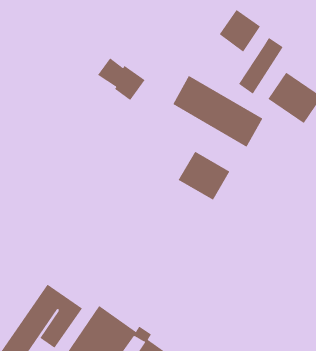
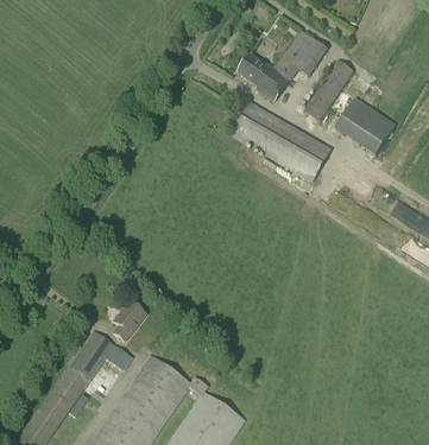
building: [97,58,146,101] -> [236,52,290,100]
building: [178,151,230,201] -> none
building: none -> [112,299,145,341]

